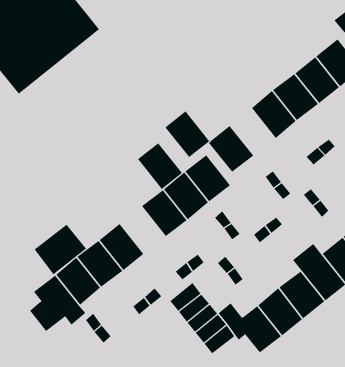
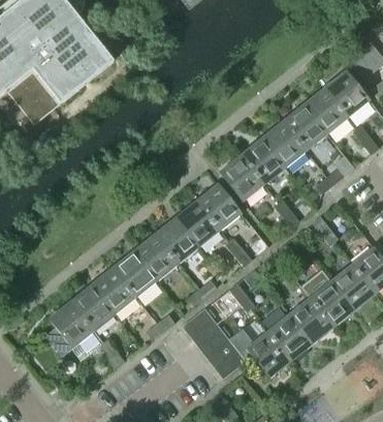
building: [165,111,210,158] -> [241,138,285,184]
building: [137,142,183,190] -> [133,234,178,280]
building: [34,224,87,275] -> none

